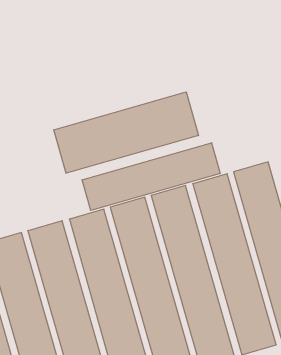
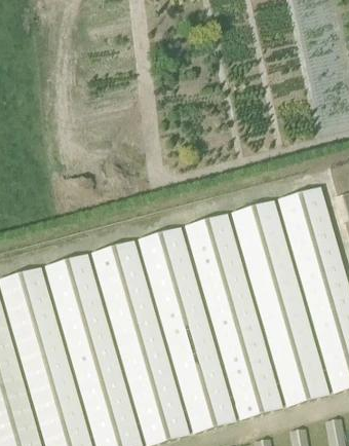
building: [54,92,198,173] -> none
building: [82,143,220,210] -> none

